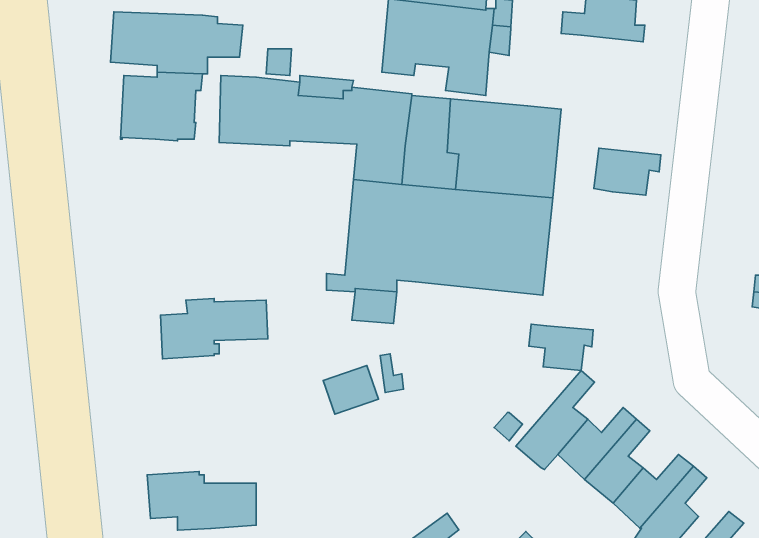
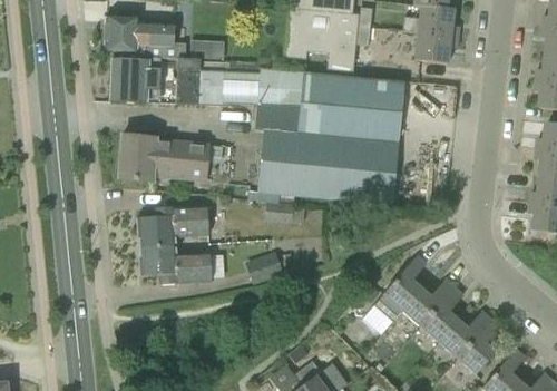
building: [594,148,661,195] -> [413,32,458,63]
building: none -> [118,135,211,182]
building: [529,324,593,371] -> none
building: [147,472,256,530] -> [138,245,211,284]

